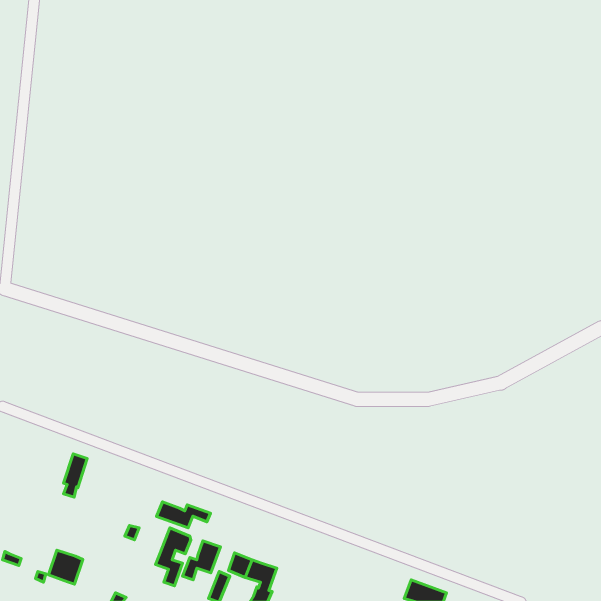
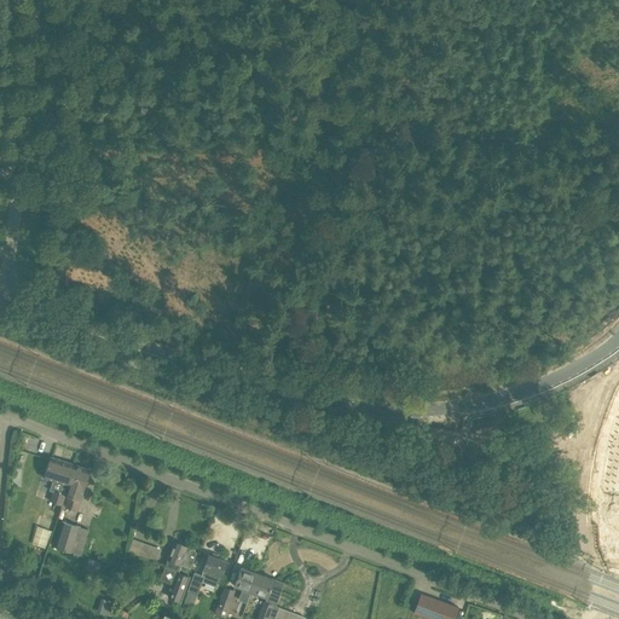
building: none -> [45,459,76,507]
building: [157,502,210,528] -> none
building: [48,550,83,584] -> [54,522,89,557]

